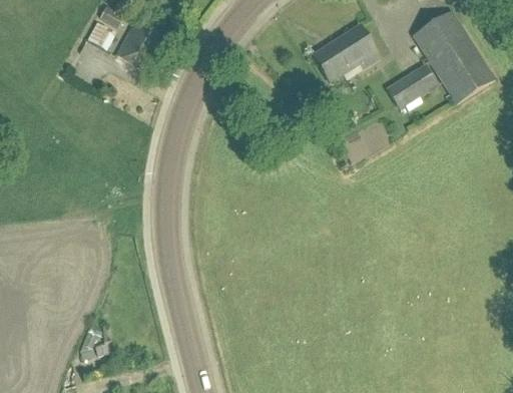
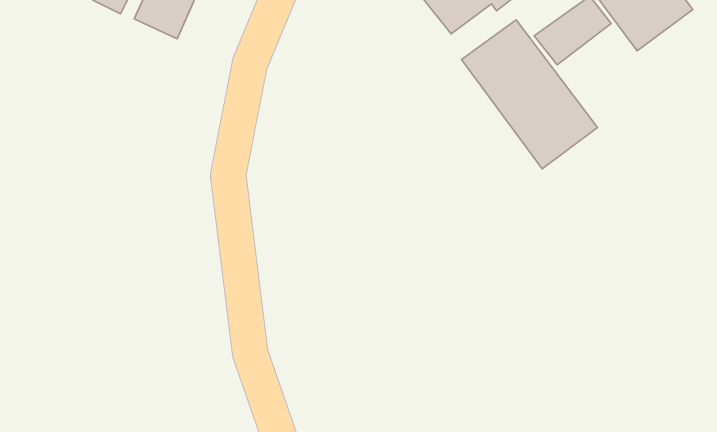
building: none -> [461,20,597,169]

